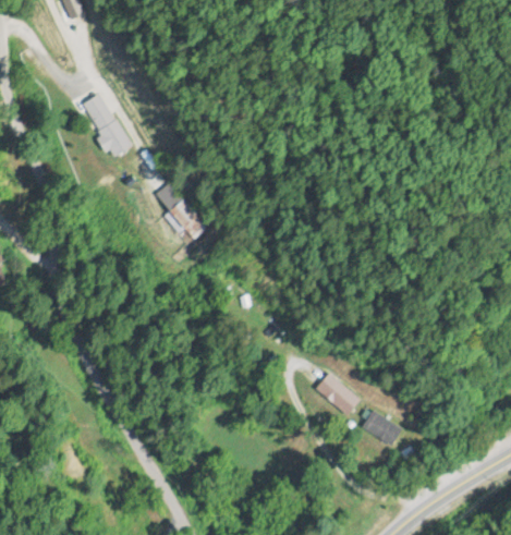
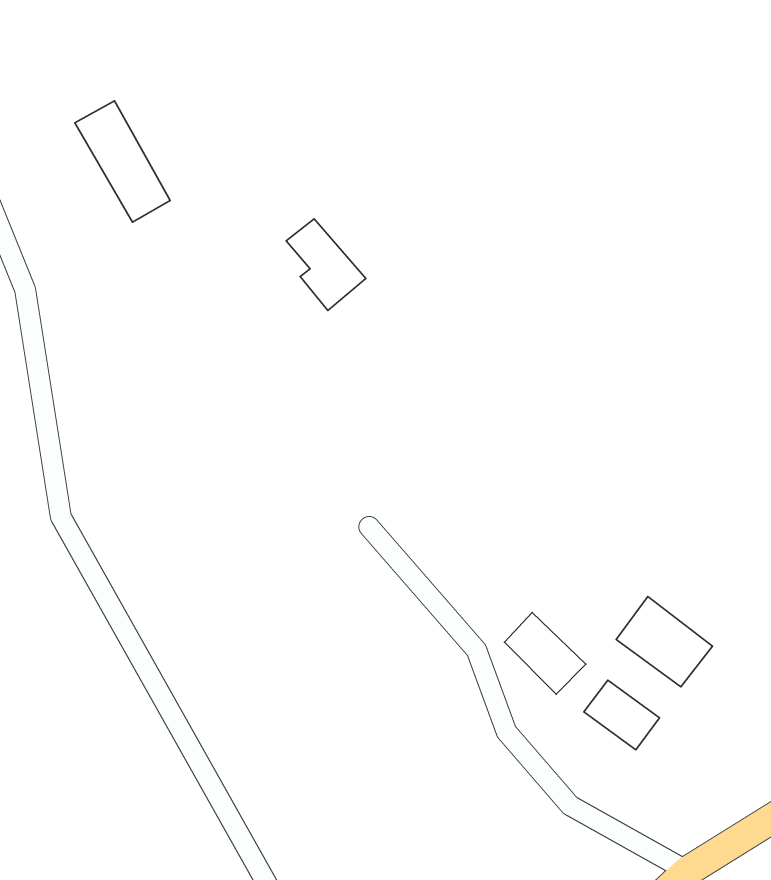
building: [157,184,200,234] -> [286,219,366,310]
building: none -> [616,596,713,687]

